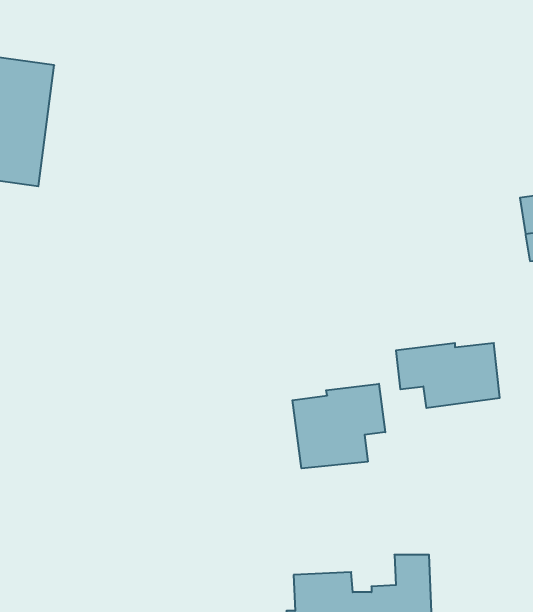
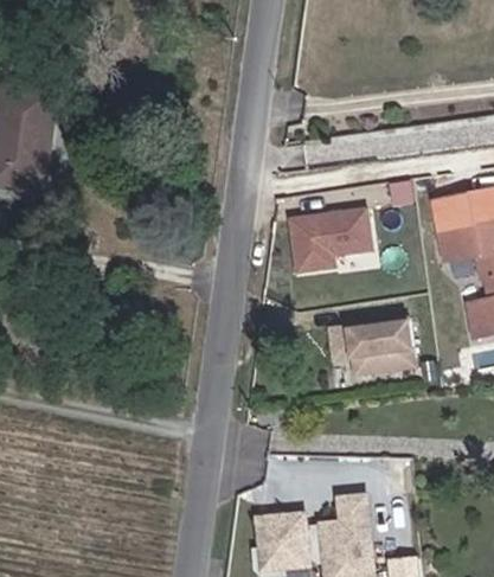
building: none -> [295,209,378,271]
building: [292,384,385,468] -> none

